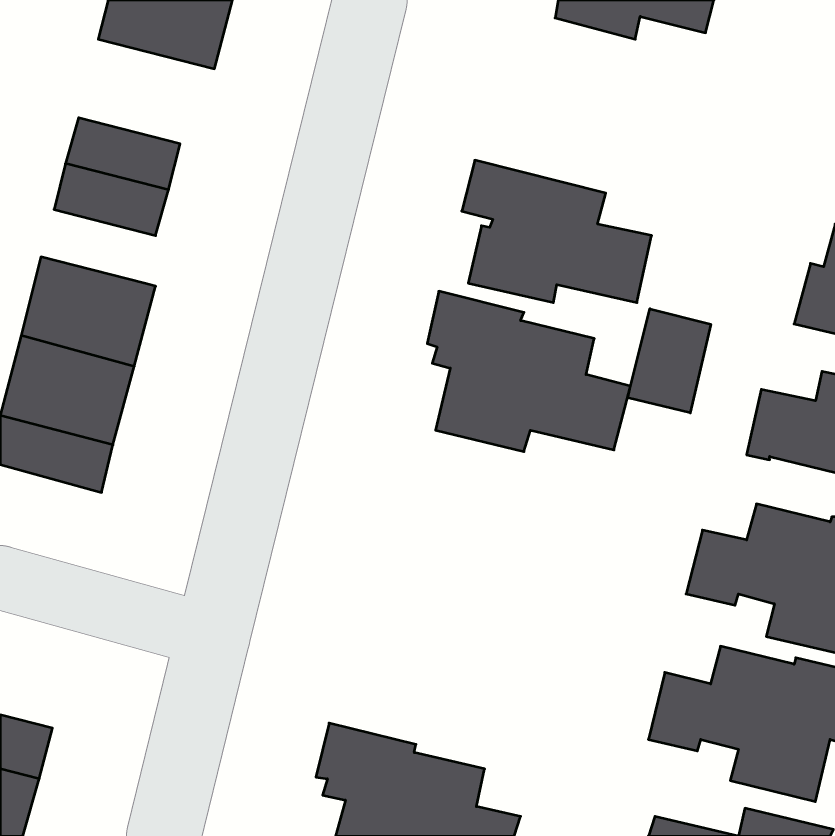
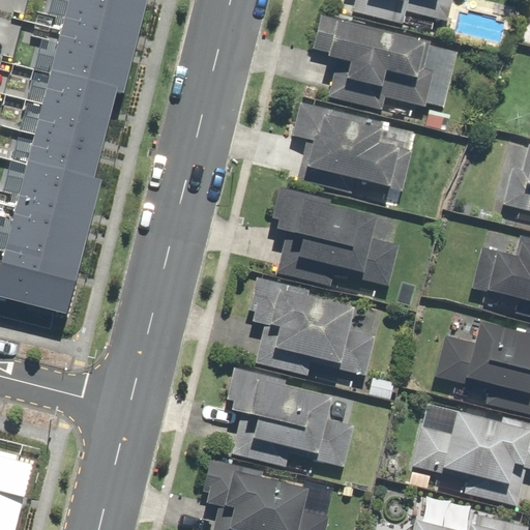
building: none -> [314,16,459,111]
building: none -> [51,25,137,93]
building: none -> [27,132,99,179]
building: [628,309,711,413] -> none
building: none -> [248,275,377,377]
building: none -> [226,365,355,467]

